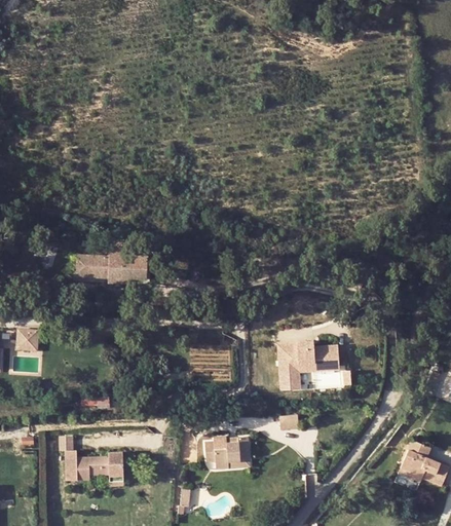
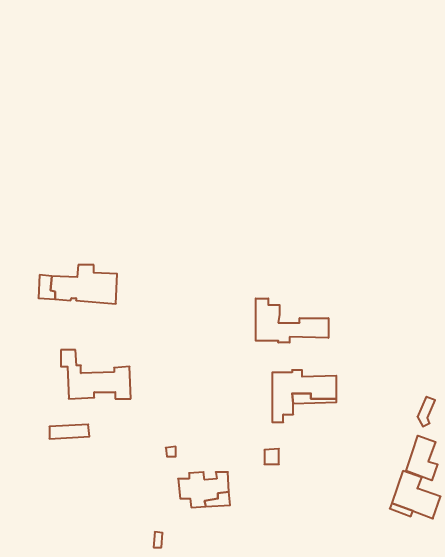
building: none -> [256,298,328,343]
building: none -> [406,436,438,480]
building: [58,435,122,480] -> [61,350,131,399]

